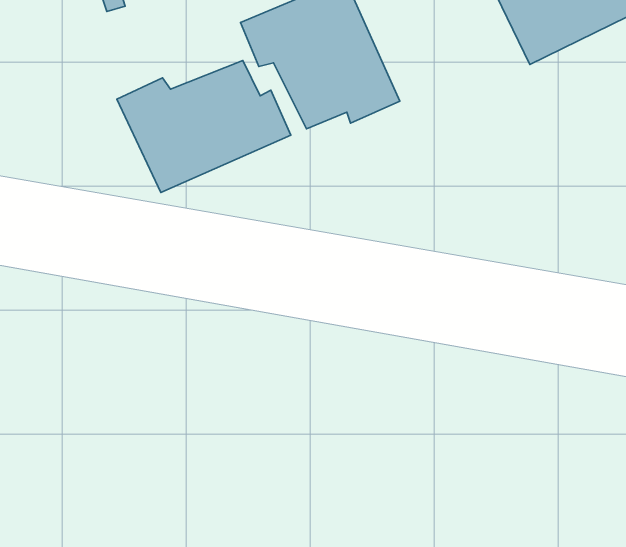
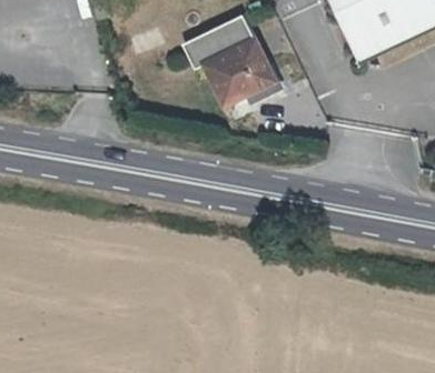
building: [117,60,291,192] -> none

